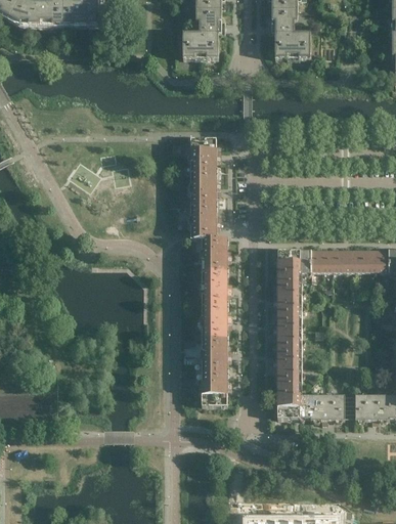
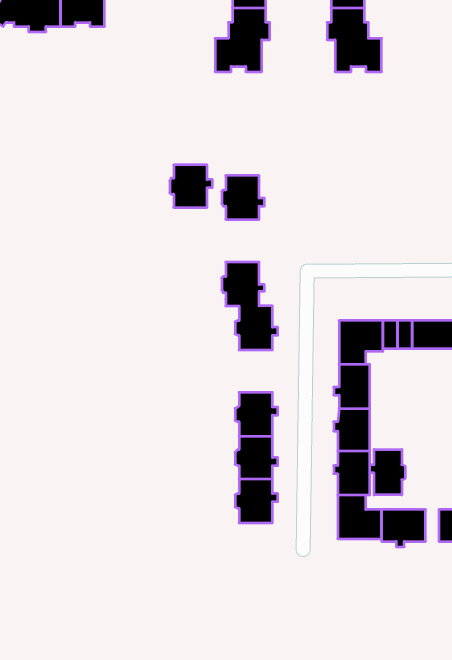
building: [187,172,220,205] -> [170,165,212,207]
building: [197,272,230,305] -> none
building: none -> [370,449,405,495]

